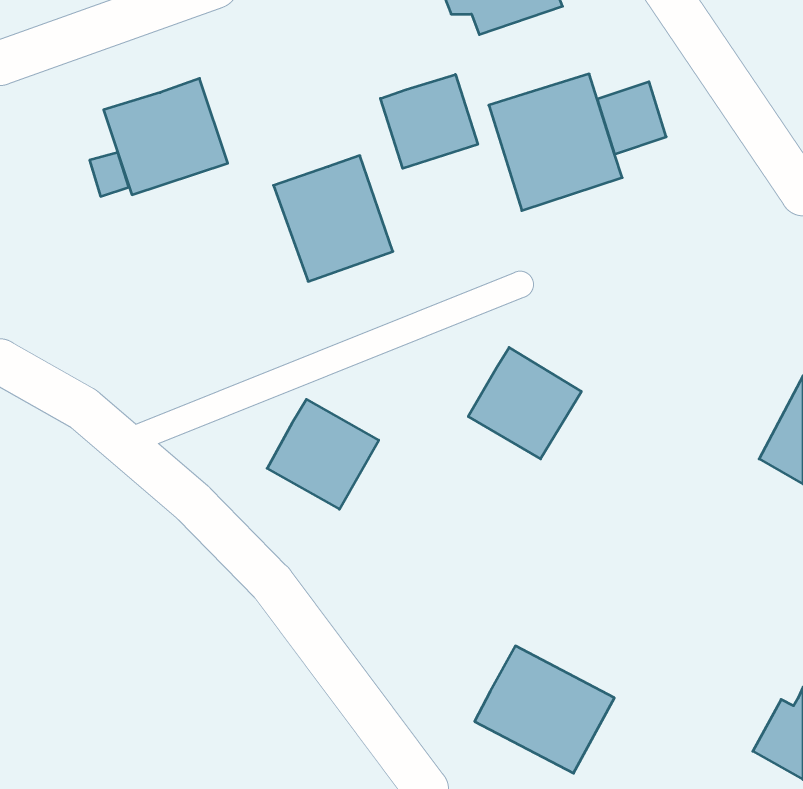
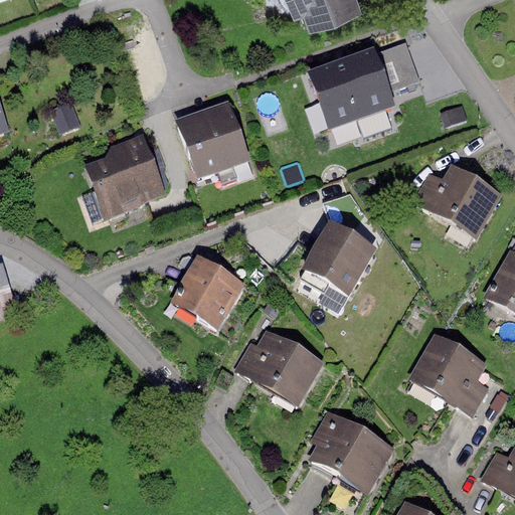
building: [380,74,478,168] -> none
building: [104,78,228,195] -> [83,133,163,207]
building: none -> [412,168,498,236]
building: none -> [240,327,320,400]
building: none -> [411,335,491,412]

